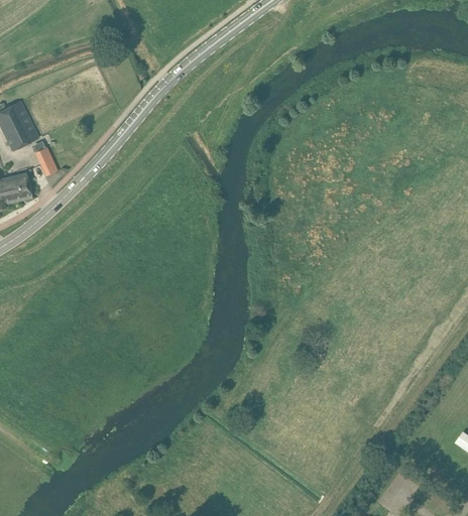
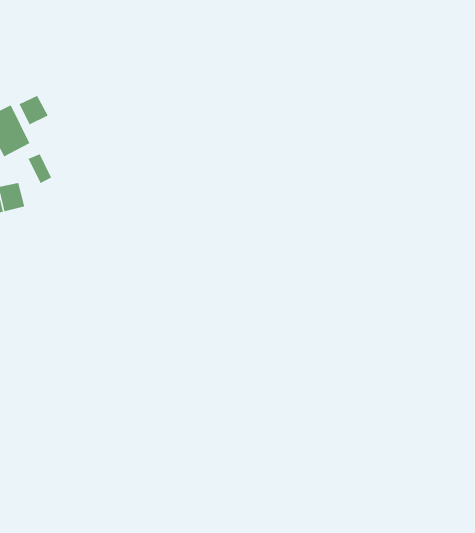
building: none -> [18,95,49,125]

